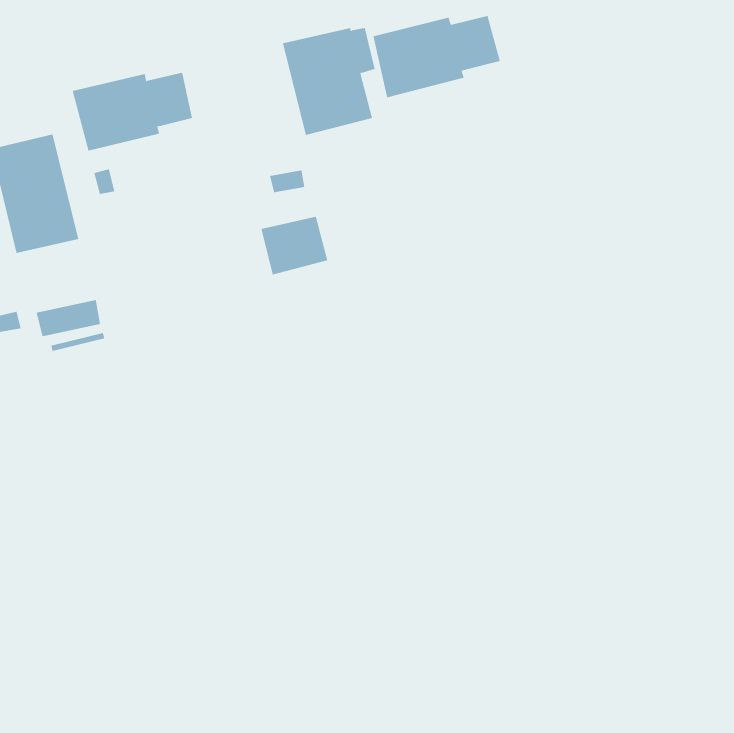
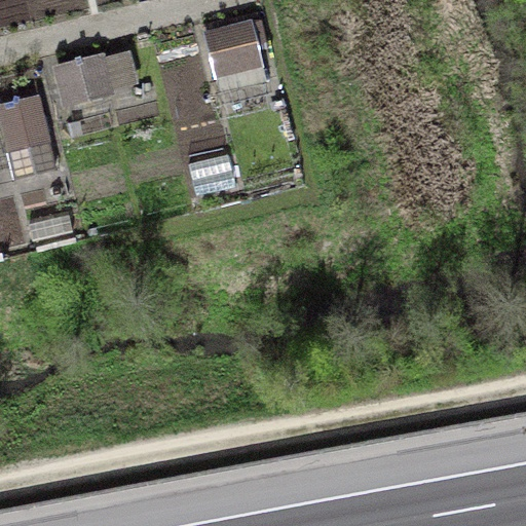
building: [373,15,500,98] -> none

